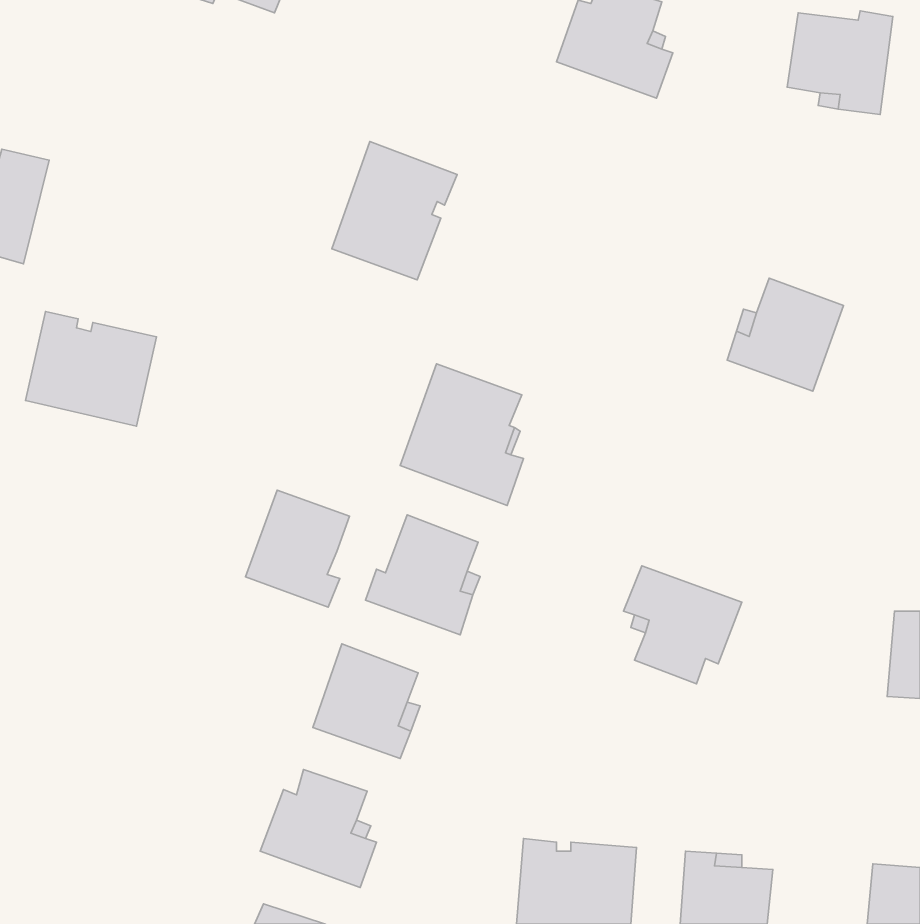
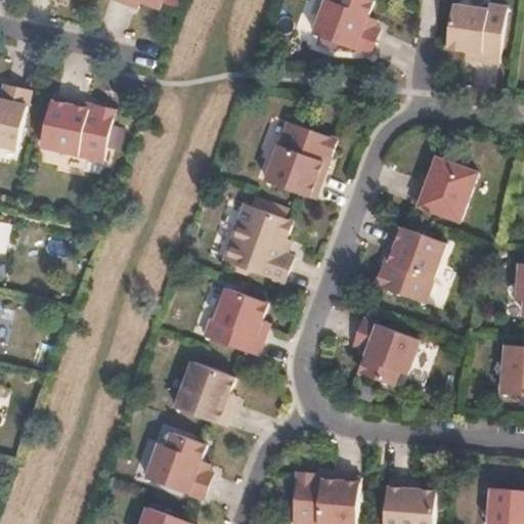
building: [332,142,457,280] -> [267,123,338,201]
building: [25,311,156,426] -> [38,95,112,160]
building: none -> [373,224,443,302]
building: [245,490,349,607] -> none

